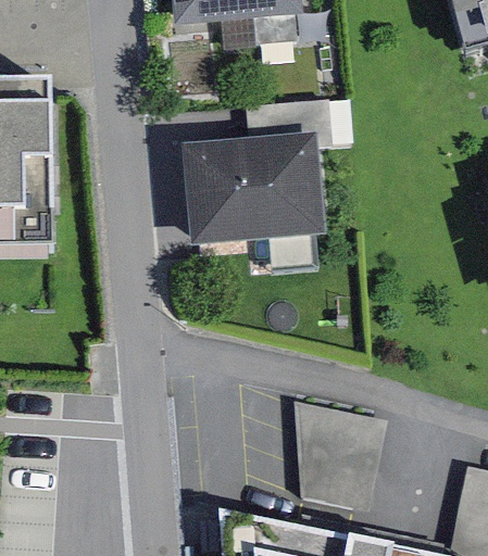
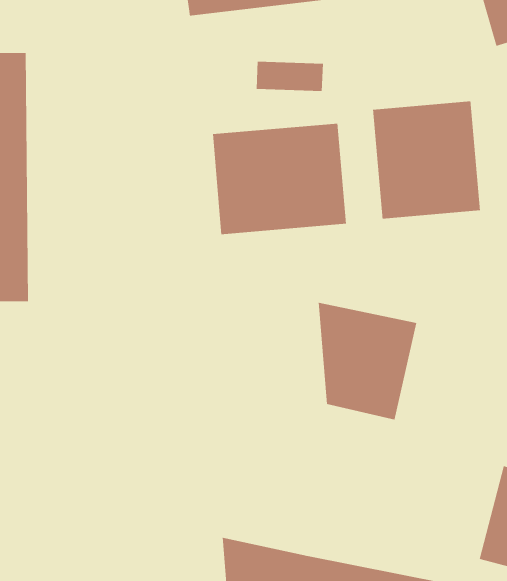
building: none -> [373,100,480,220]
building: [288,403,377,508] -> [318,302,417,420]

